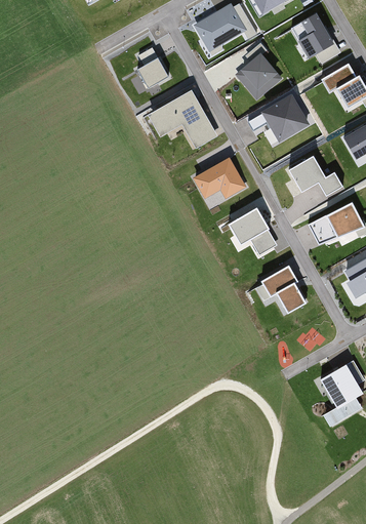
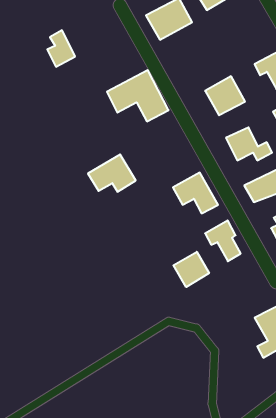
building: [290,13,335,58] -> none
building: [135,44,168,87] -> [47,30,75,67]
building: [234,50,282,98] -> none
building: [192,155,248,199] -> [88,154,136,192]
building: none -> [173,252,209,287]

